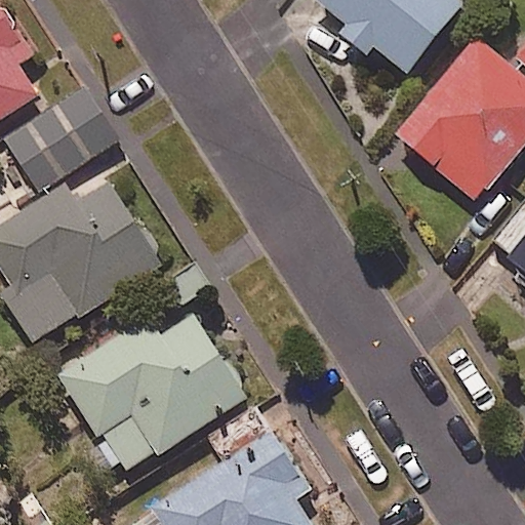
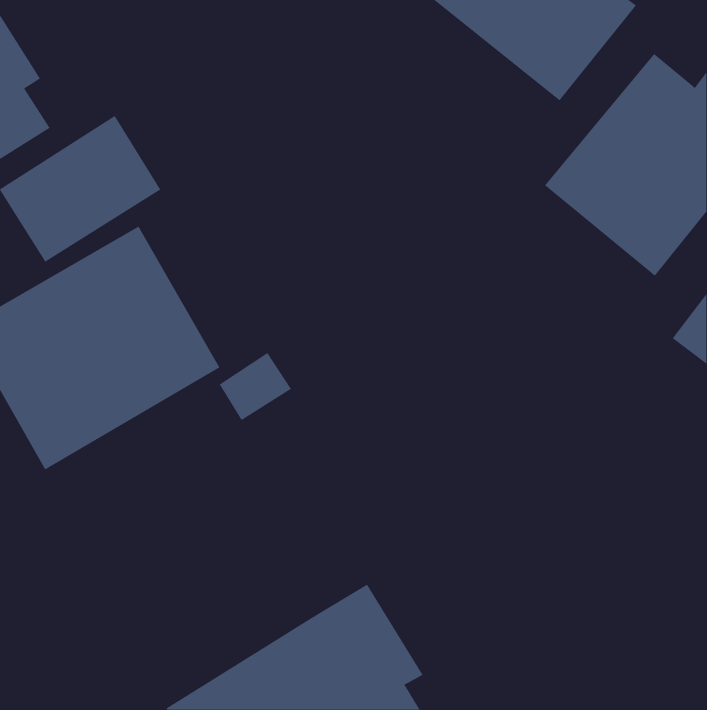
building: [49,317,247,481] -> none

